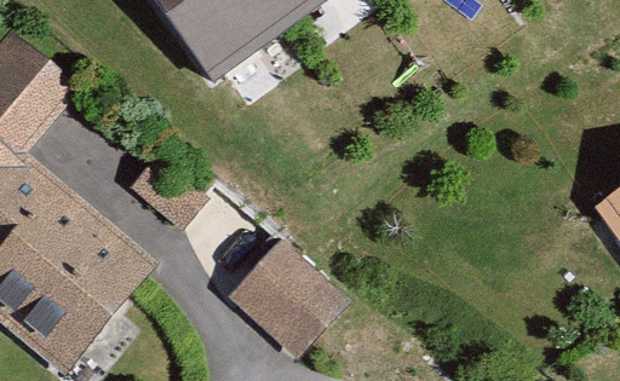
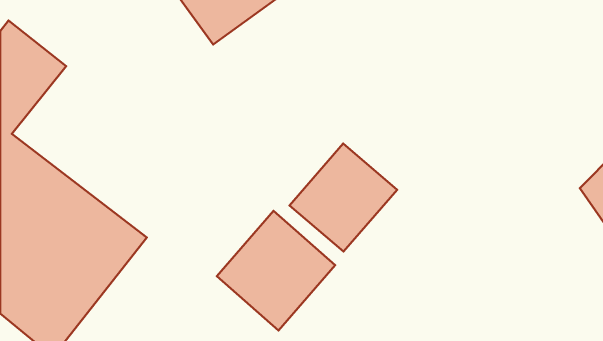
building: none -> [290,144,397,252]

